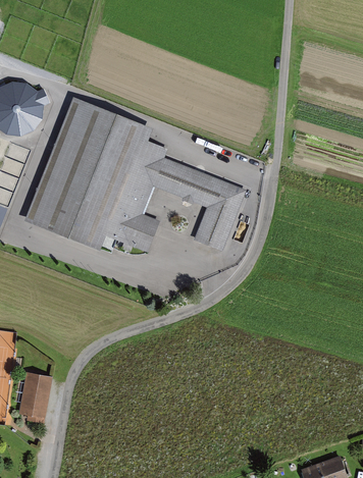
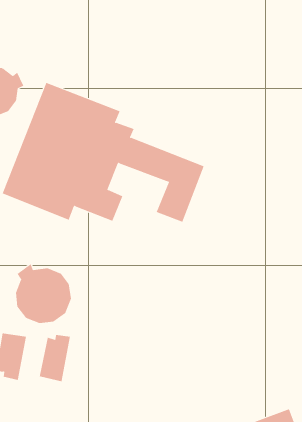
building: none -> [15,263,72,324]
building: none -> [39,334,71,382]

